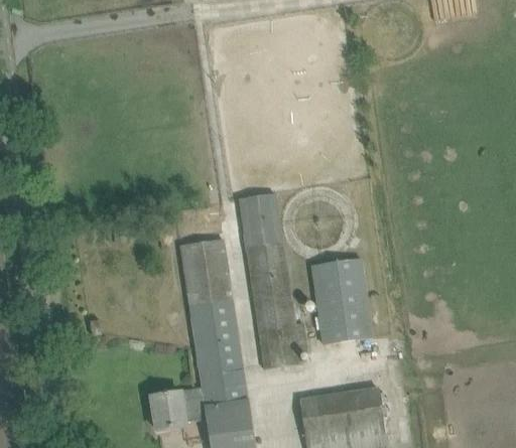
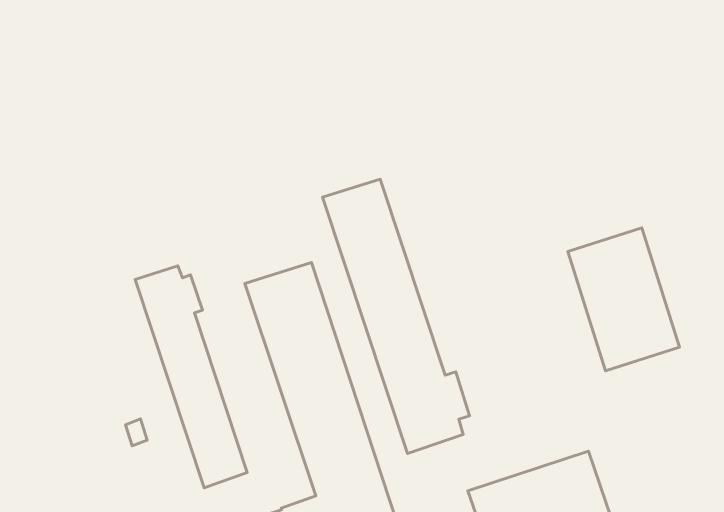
building: none -> [135,266,247,488]
building: [312,258,373,344] -> [568,228,679,371]

